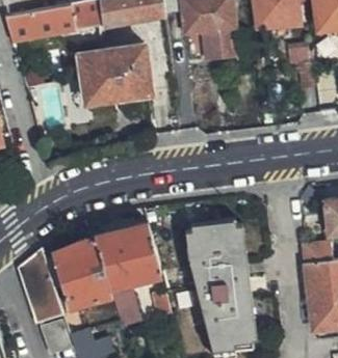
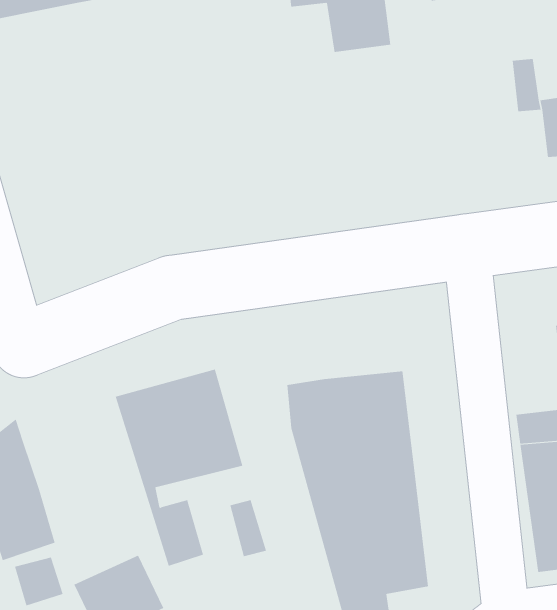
building: [77,43,149,102] -> none
building: [45,238,110,307] -> none

